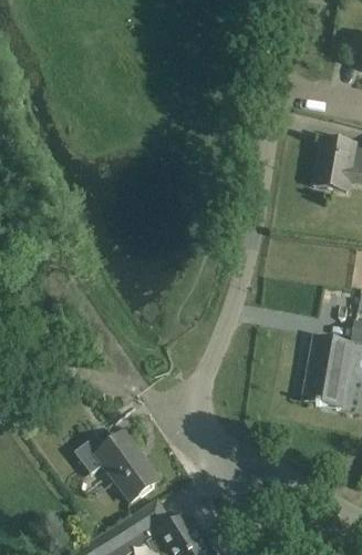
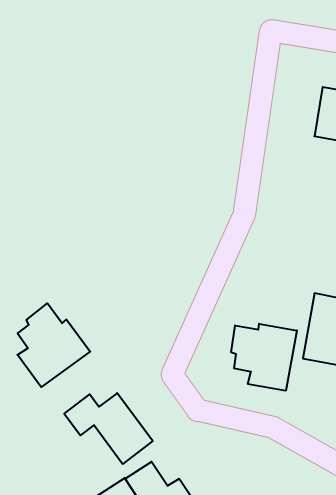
building: none -> [17,303,90,387]
building: none -> [231,324,297,391]

